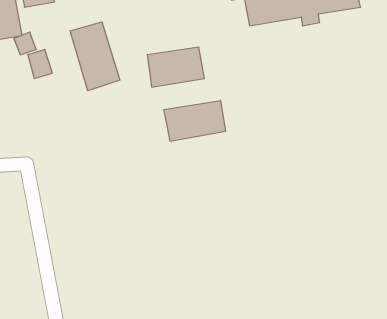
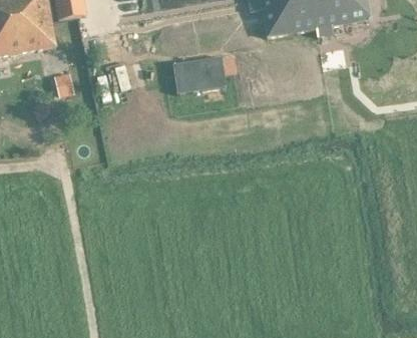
building: [70,22,120,91] -> none
building: [164,100,225,141] -> none

